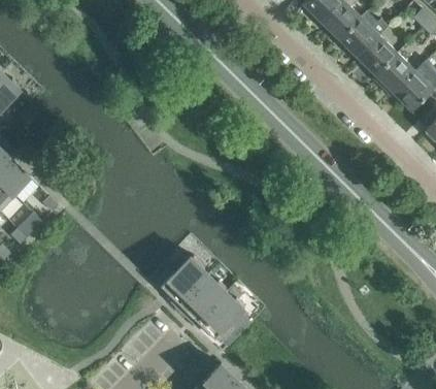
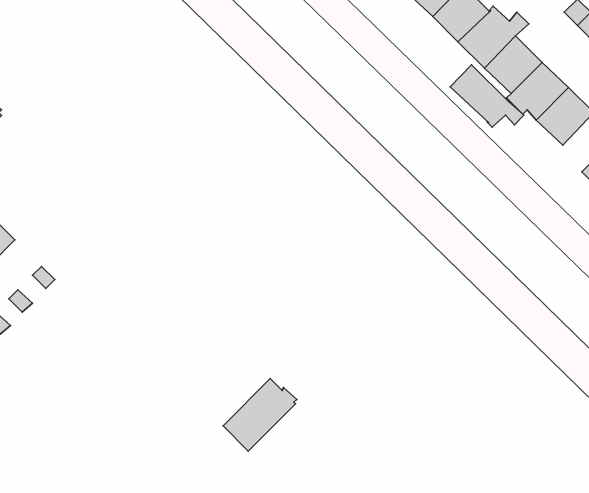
building: none -> [450,65,524,127]
building: [156,256,208,307] -> none
building: [193,292,244,344] -> none

